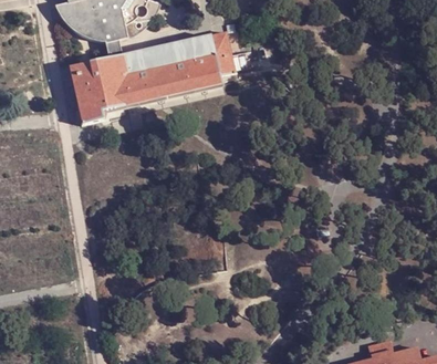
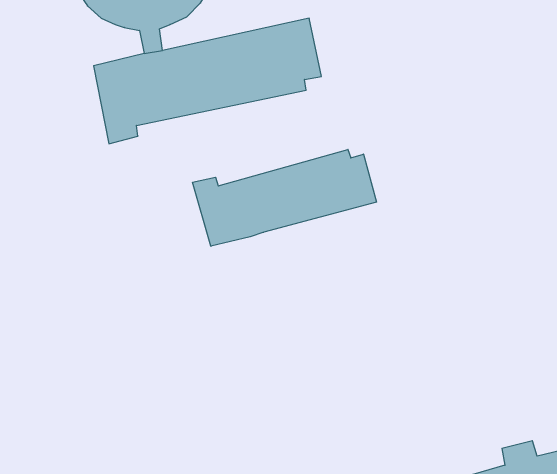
building: none -> [193,149,376,246]

